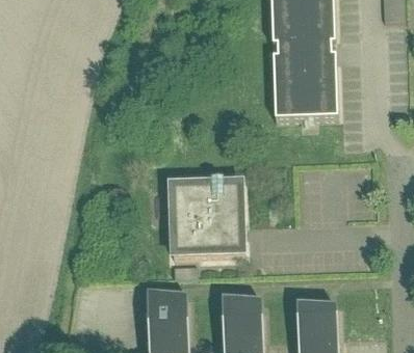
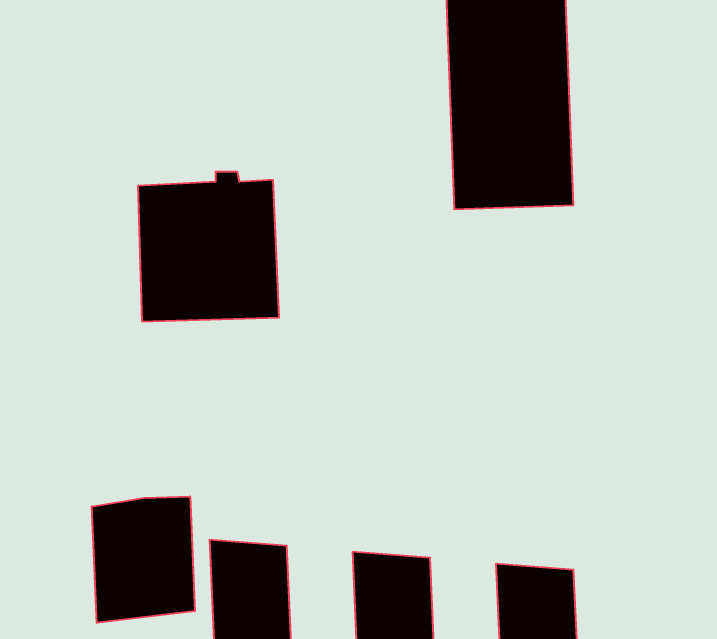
building: [172,174,245,252] -> [138,172,279,321]
building: none -> [92,496,195,623]

